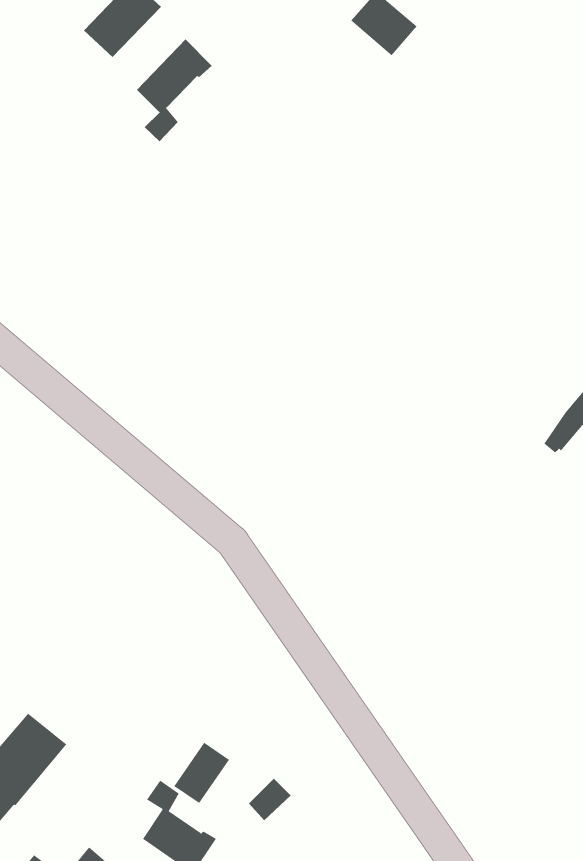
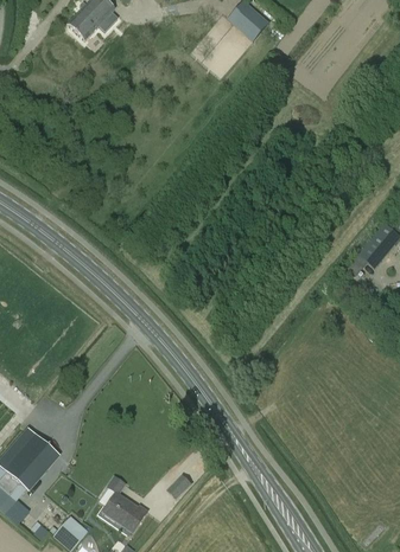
building: [136,39,213,142] -> none
building: [173,742,230,804] -> none

